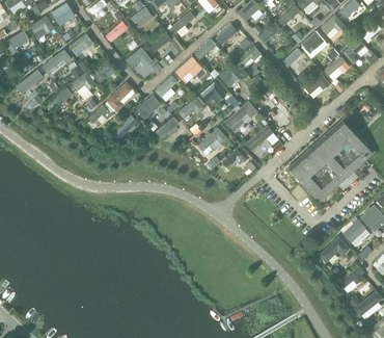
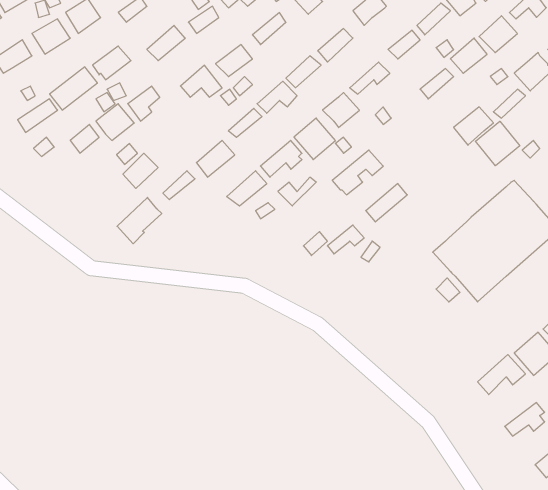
building: [106,82,135,112] -> [117,197,162,244]
building: none -> [475,121,520,166]
building: [197,128,227,156] -> none

